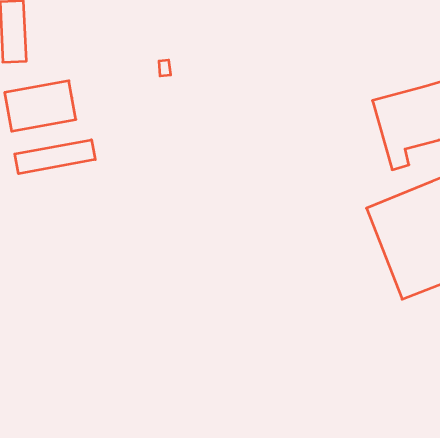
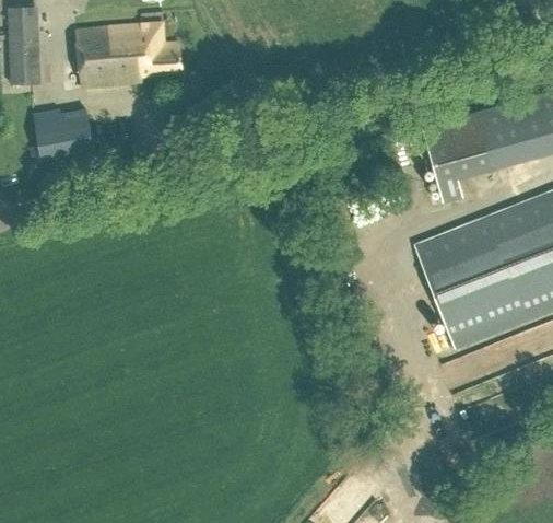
building: none -> [75,24,181,85]
building: [15,140,95,174] -> none

